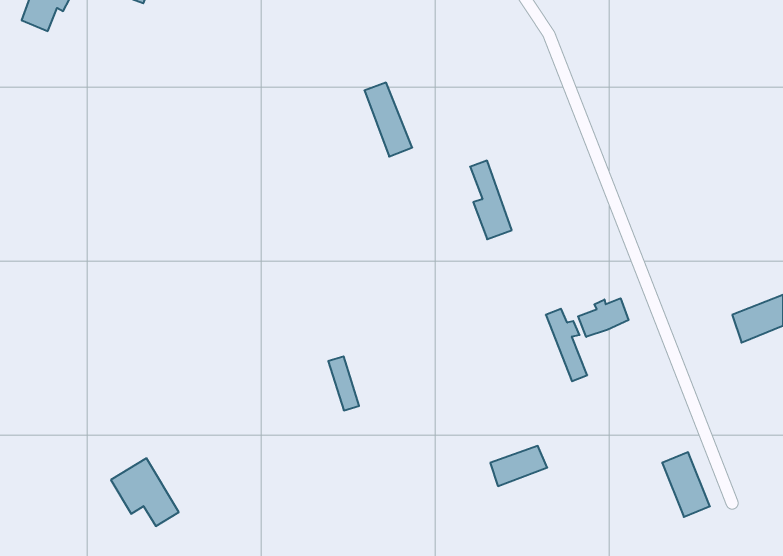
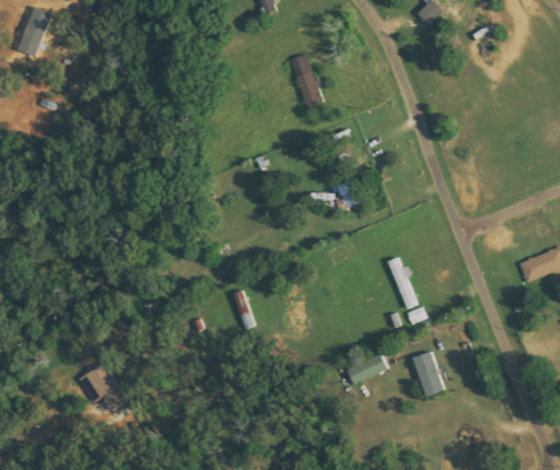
building: [364,83,412,157] -> [290,54,324,106]
building: [578,298,629,337] -> none
building: [662,452,710,517] -> [412,351,446,397]

